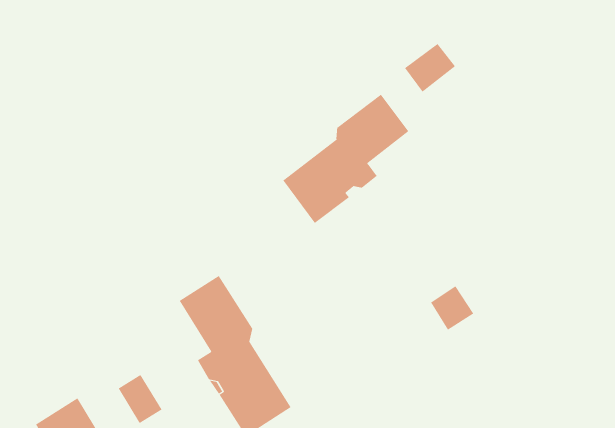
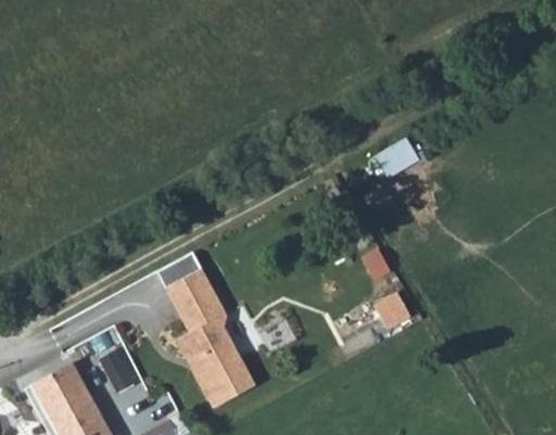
building: [404,43,456,92] -> [379,135,424,176]
building: [282,94,409,224] -> none

